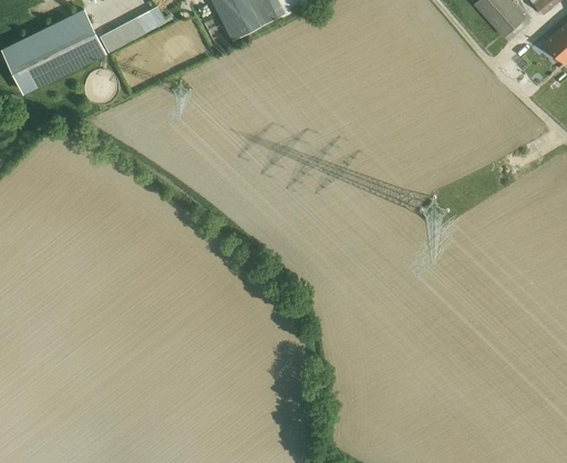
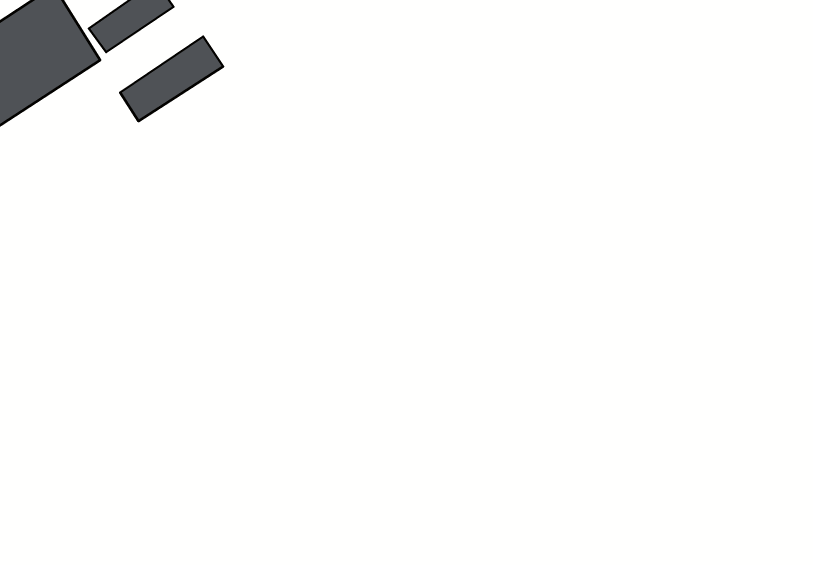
building: none -> [120,37,223,121]

